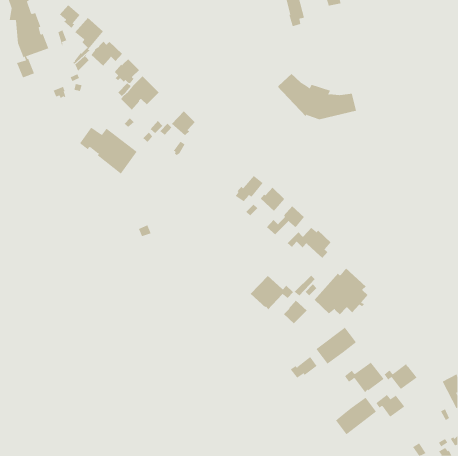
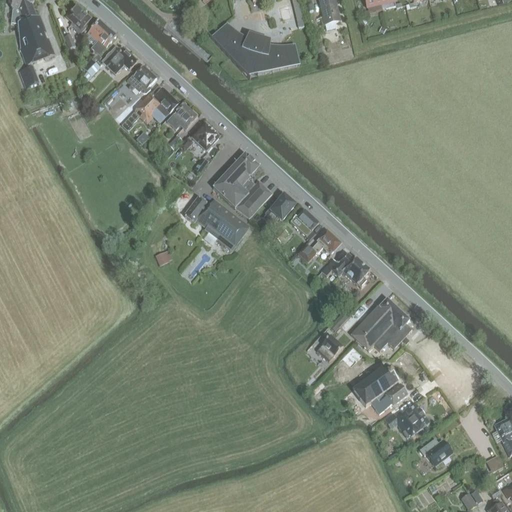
building: [276,73,357,120] -> [209,22,299,74]
building: none -> [166,103,197,130]
building: [79,127,137,174] -> [184,197,249,250]
building: none -> [212,153,271,218]
building: [250,275,294,310] -> none
building: [290,356,318,379] -> [376,383,407,408]
building: [384,363,417,390] -> none
building: [335,397,377,435] -> none

